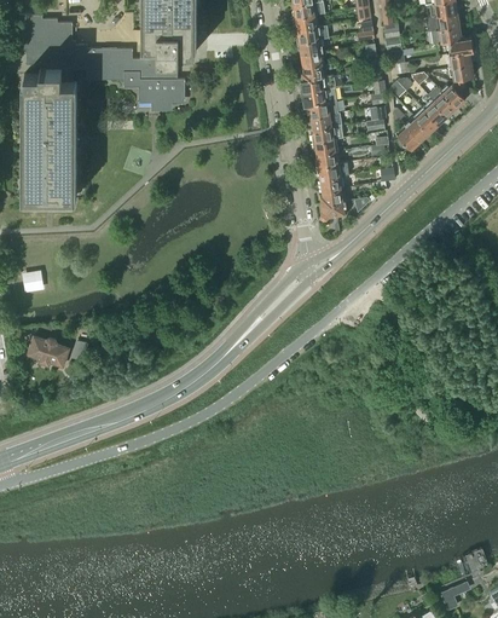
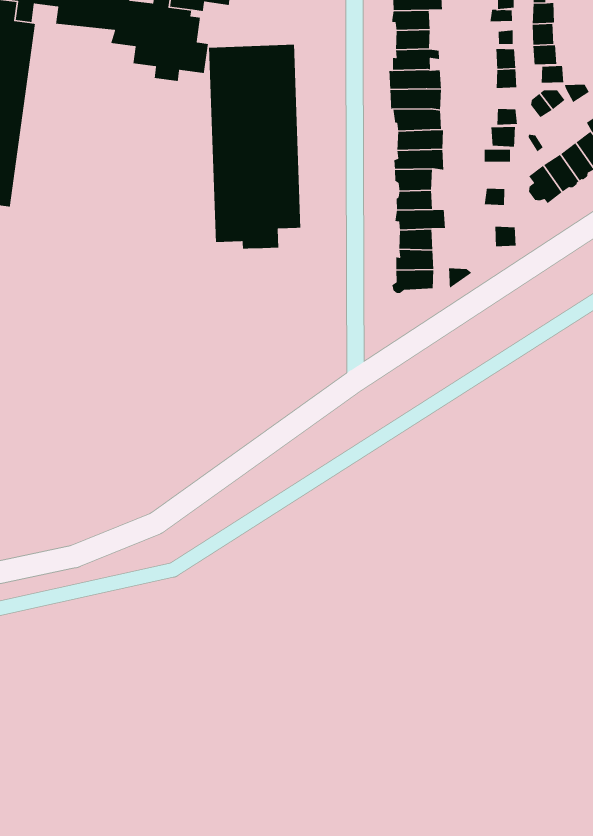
building: none -> [208,44,301,249]

